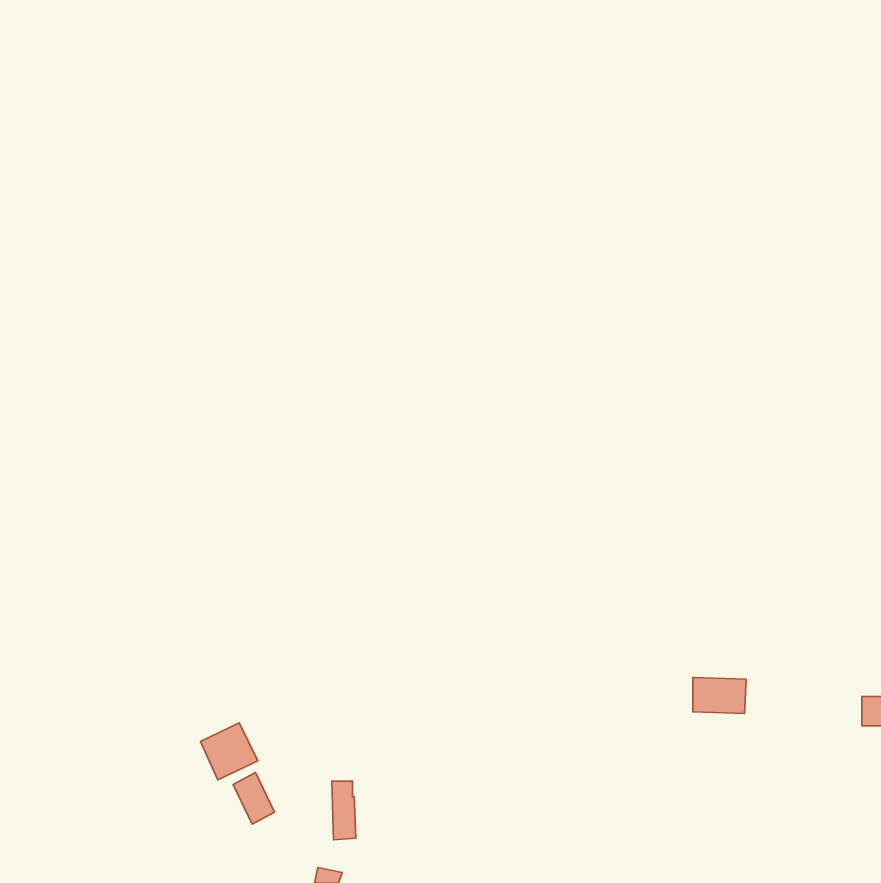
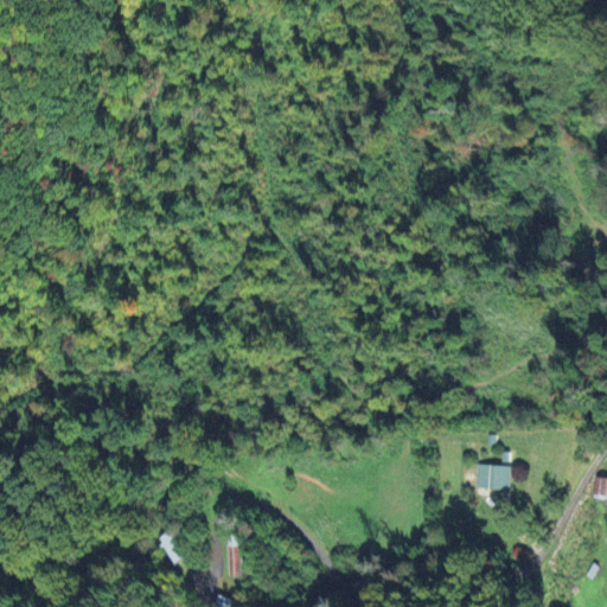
building: [201,723,258,780] -> none

